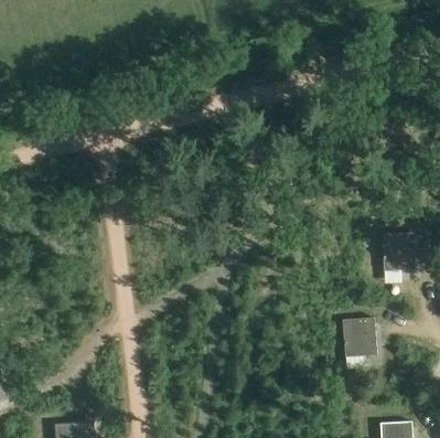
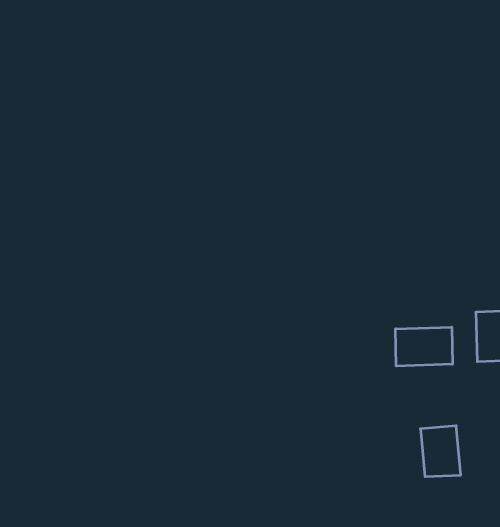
building: none -> [396,327,452,366]

